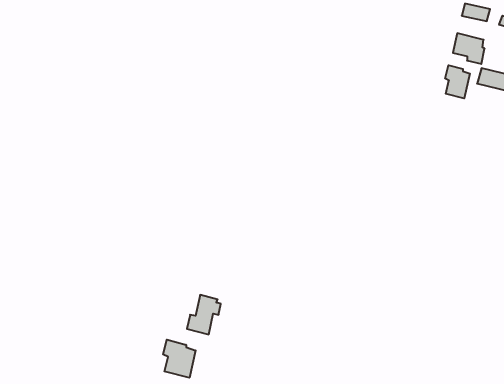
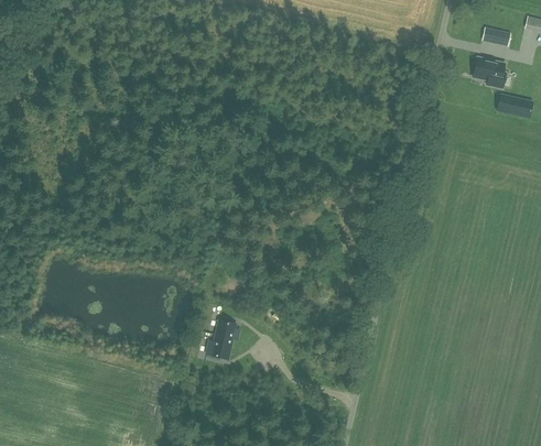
building: [445,65,470,98] -> none
building: [163,340,196,378] -> none

